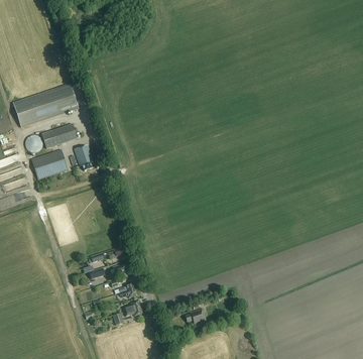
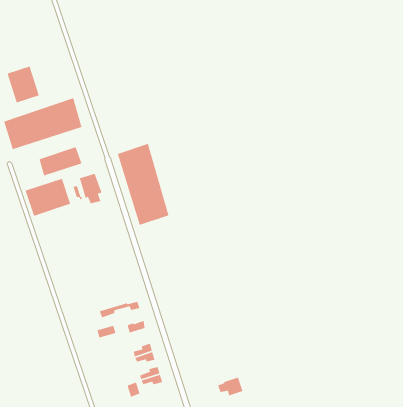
building: none -> [7,66,40,104]
building: none -> [117,143,170,226]

